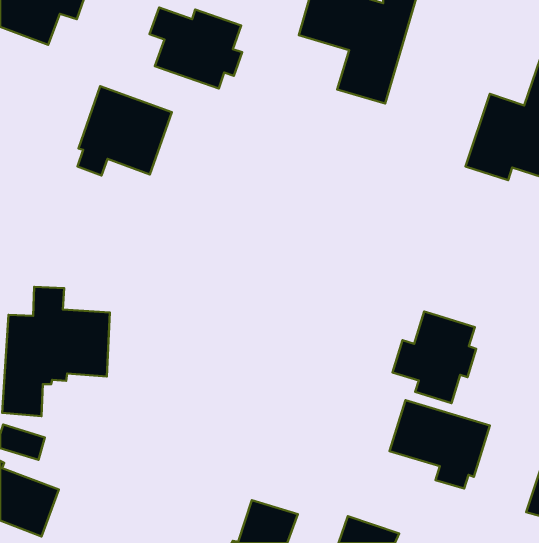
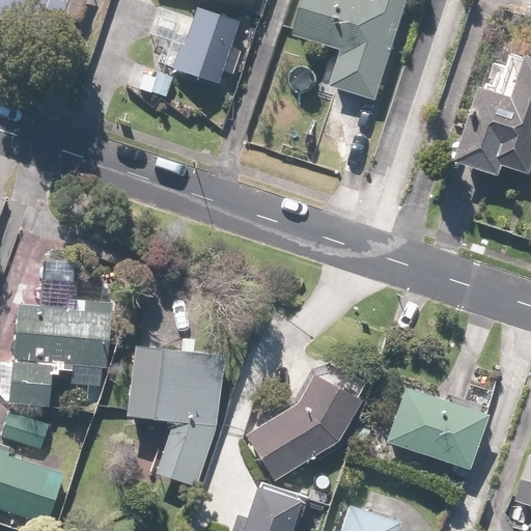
building: [77,86,172,176] -> none
building: [393,311,476,403] -> none
building: none -> [125,350,223,484]
building: none -> [244,375,355,480]

